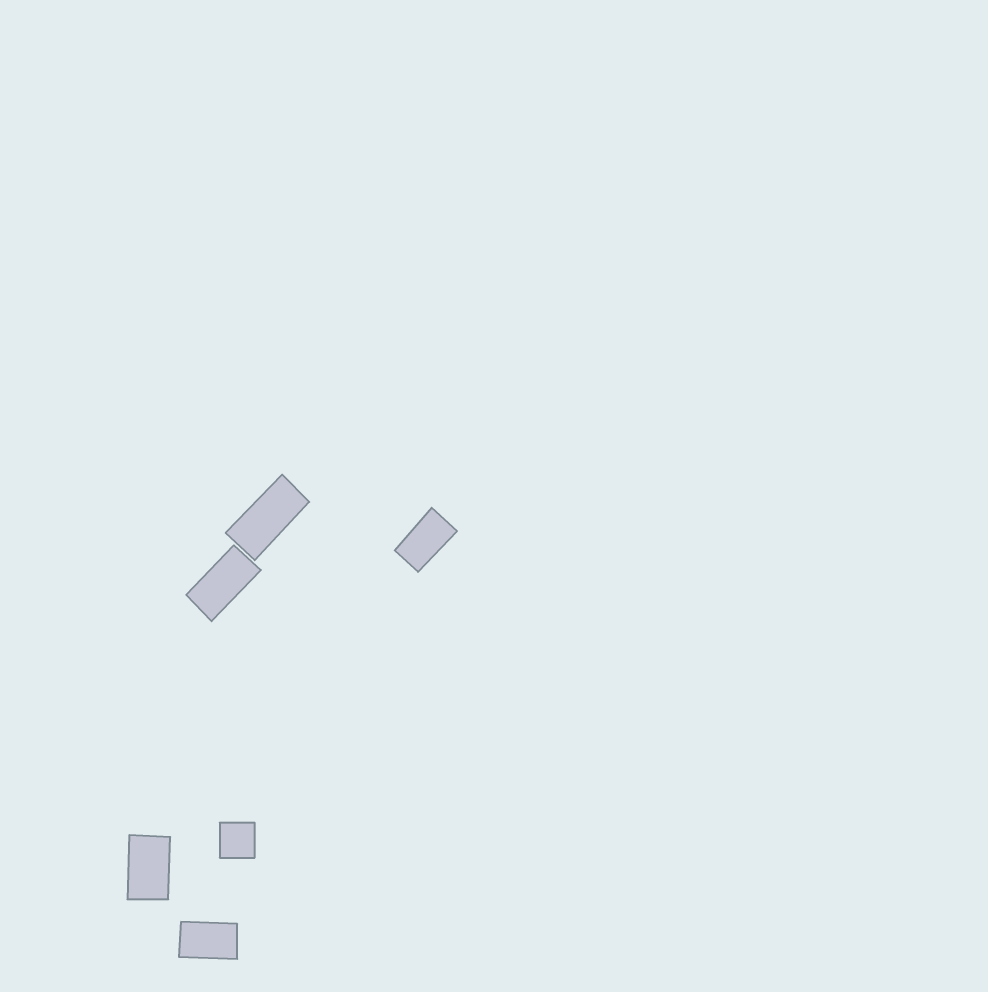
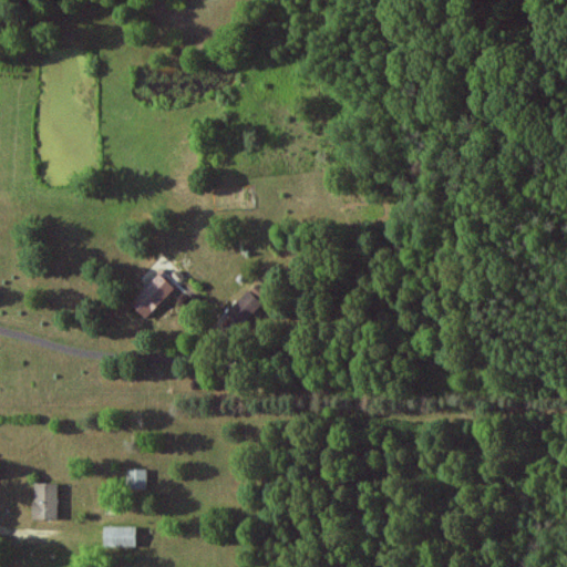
building: [186,545,261,621] -> none
building: [127,835,170,899] -> [32,483,56,519]

